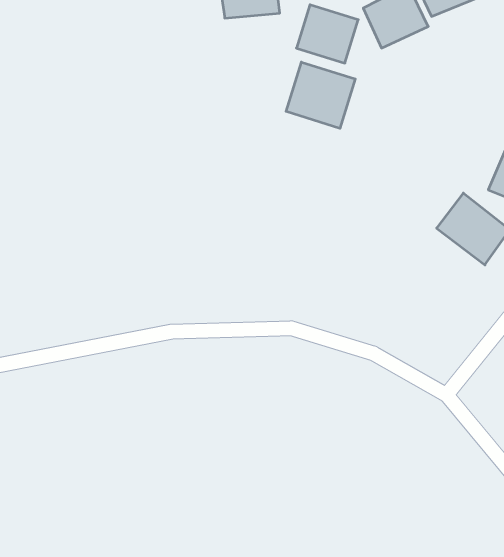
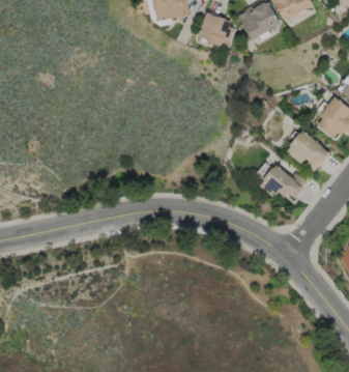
building: [286,62,355,128] -> none
building: none -> [260,164,307,205]

